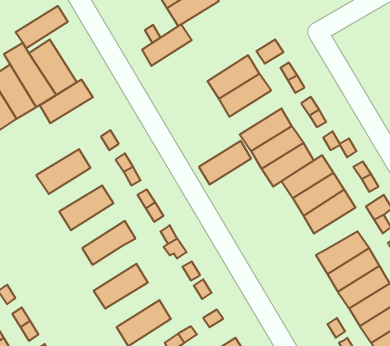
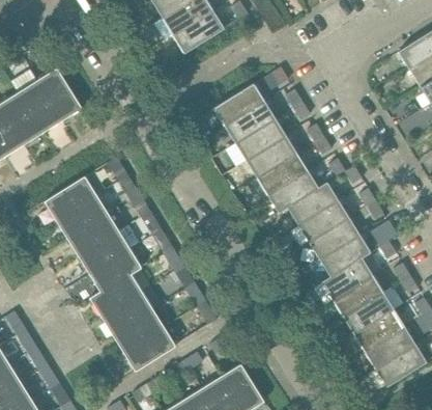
building: [16,6,68,48] -> none
building: [142,24,192,66] -> none
building: [40,80,93,123] -> [56,194,109,238]
building: [199,141,251,184] -> [235,117,287,161]
building: none -> [78,229,132,274]
building: none -> [319,234,372,276]
building: none -> [89,271,143,317]
building: none -> [112,308,166,353]

